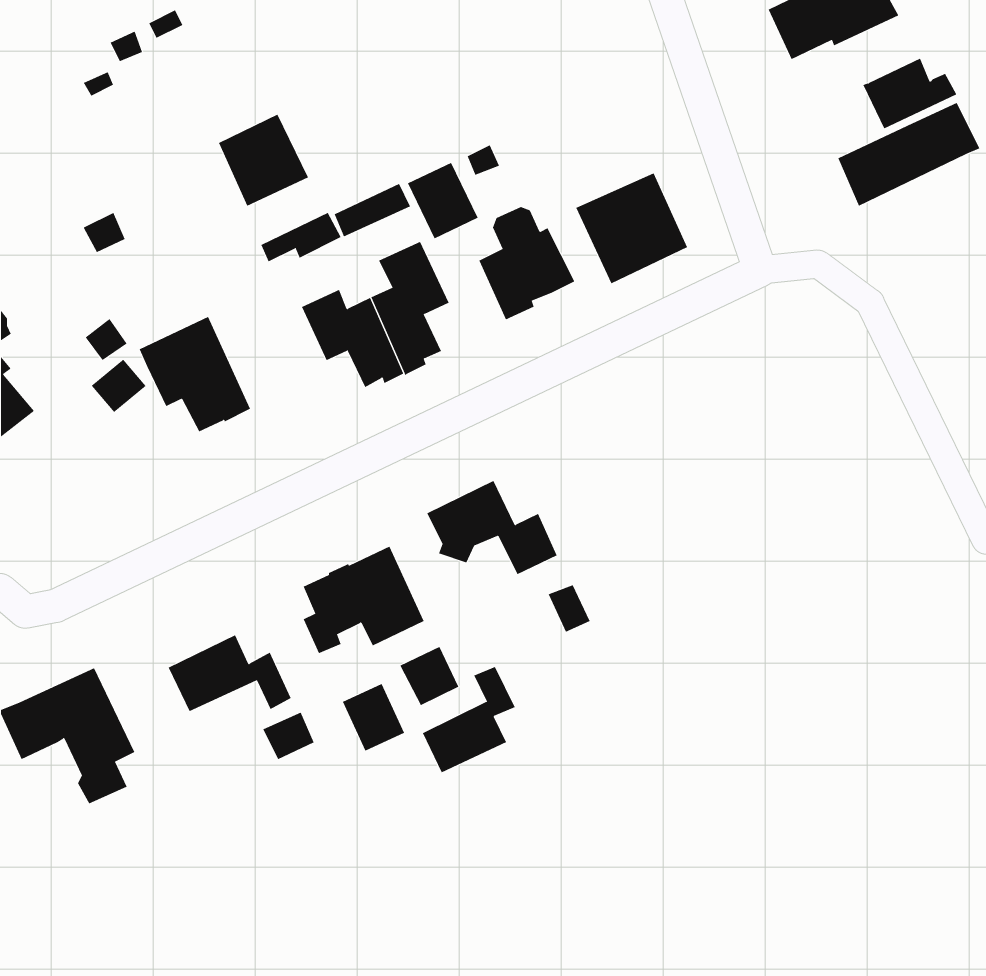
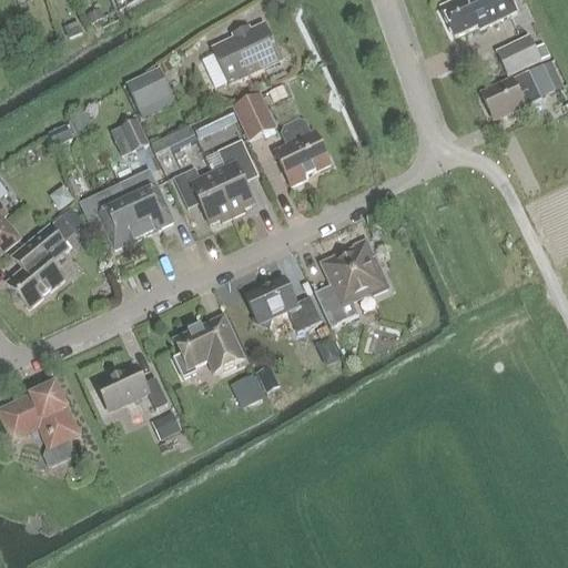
building: none -> [213,24,281,81]
building: [575,172,688,284] -> none
building: none -> [110,118,149,155]
building: none -> [120,169,173,235]
building: none -> [7,224,70,307]
building: none -> [310,239,388,326]
building: [422,666,516,773] -> none
building: [342,683,405,752] -> none

